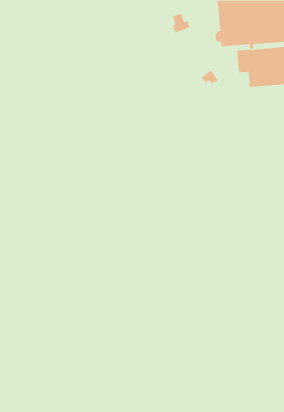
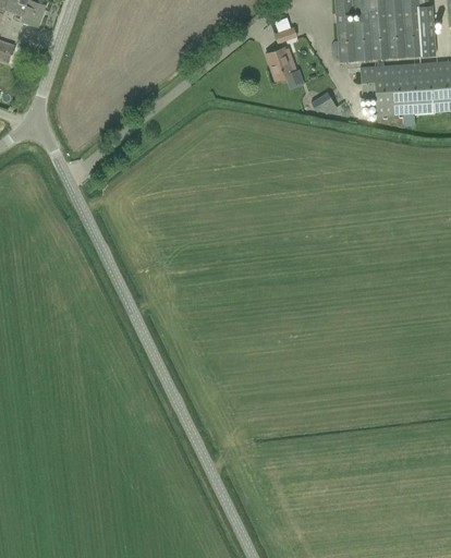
building: none -> [269,48,295,81]

